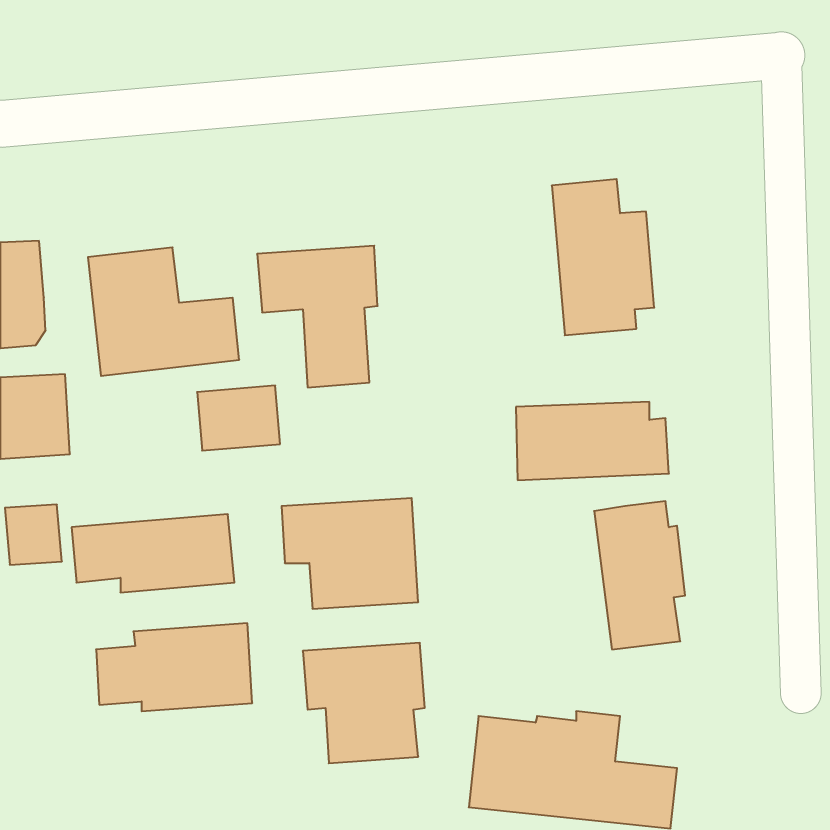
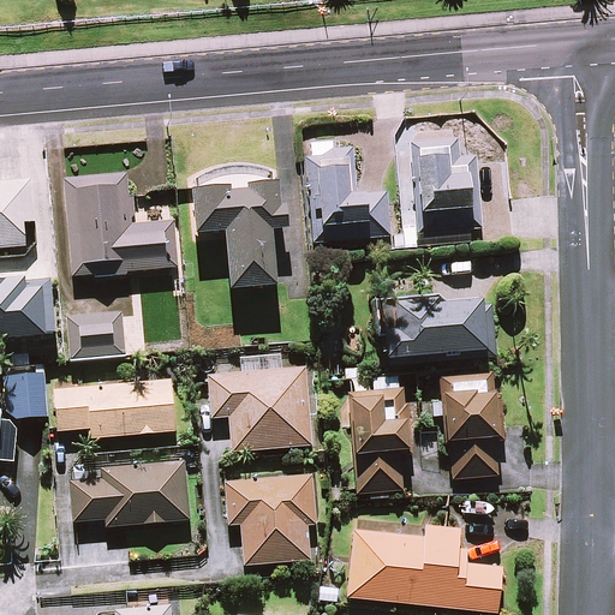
building: none -> [305,142,389,241]
building: [197,386,280,451] -> [64,311,125,359]
building: none -> [350,387,410,492]

